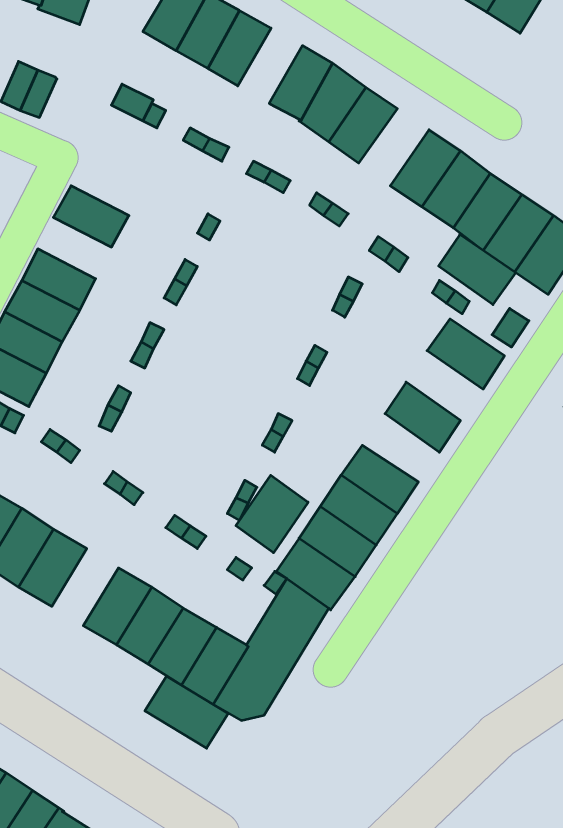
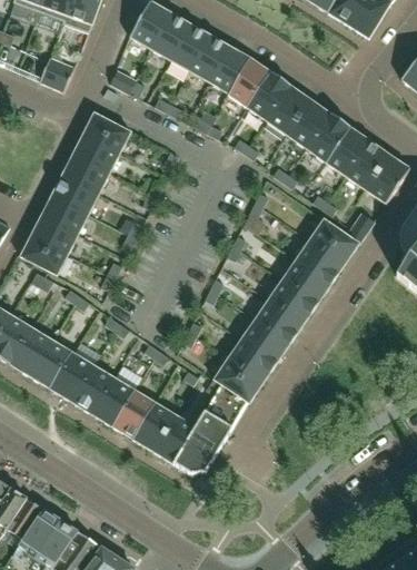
building: none -> [189,35,230,82]
building: none -> [266,86,310,135]
building: none -> [83,112,131,154]
building: none -> [62,155,109,194]
building: [439,234,516,305] -> [296,239,345,284]
building: none -> [268,279,317,323]
building: [236,475,308,553] -> none
building: none -> [71,365,113,414]
building: [145,676,228,748] -> none

